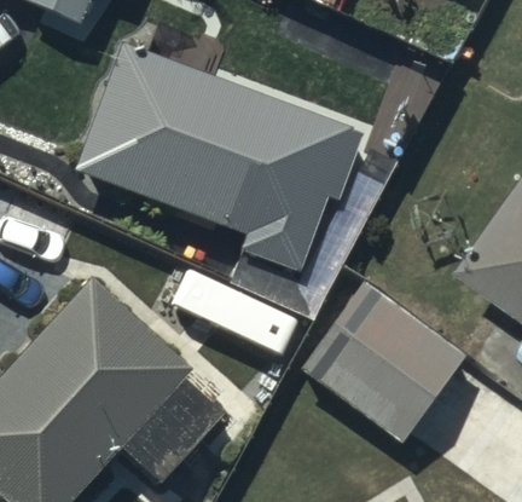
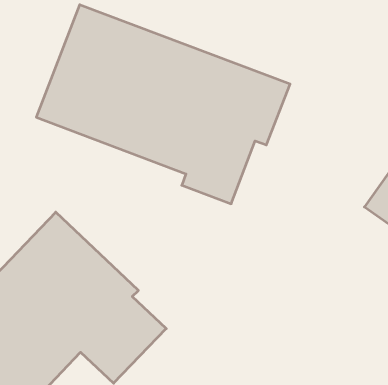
building: [300,284,464,444] -> none

